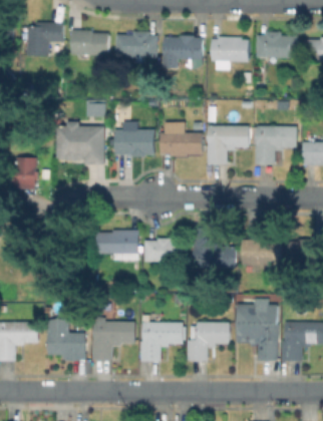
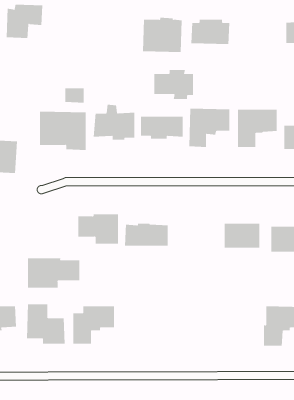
building: [71,29,108,61] -> none
building: [116,31,156,61] -> [154,69,194,100]
building: [256,31,298,63] -> none
building: [192,228,235,266] -> none
building: none -> [27,257,80,288]
building: [237,297,279,359] -> none
building: [139,321,183,360] -> none
building: [187,321,228,359] -> none

